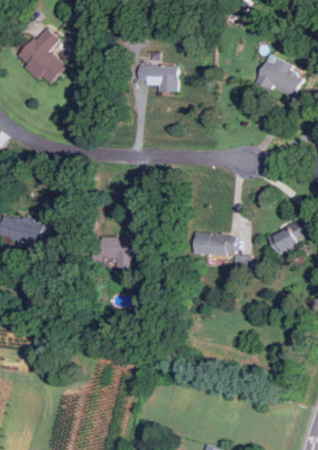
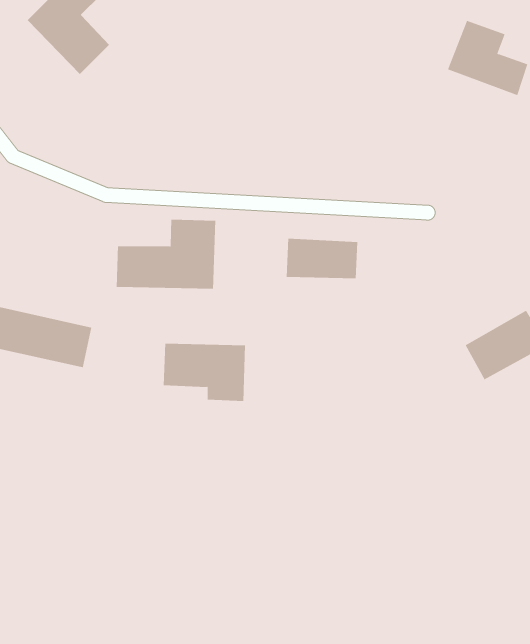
building: [139,71,173,98] -> none
building: none -> [116,219,216,289]
building: [193,233,234,256] -> [286,238,358,279]

